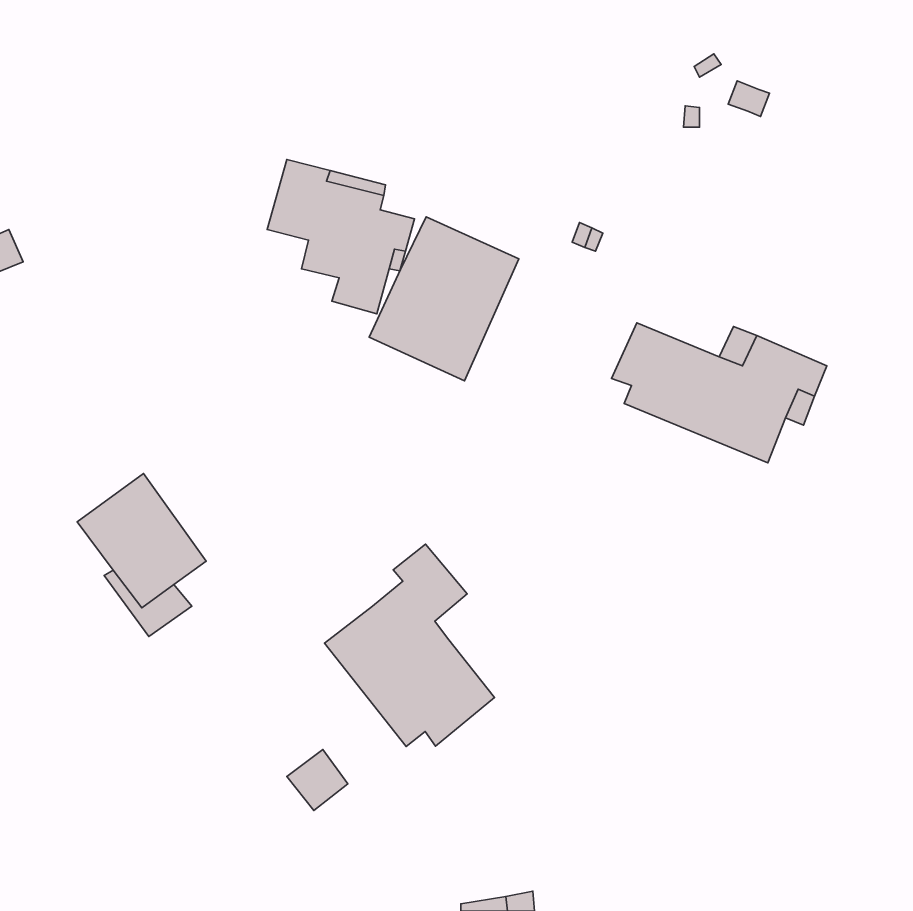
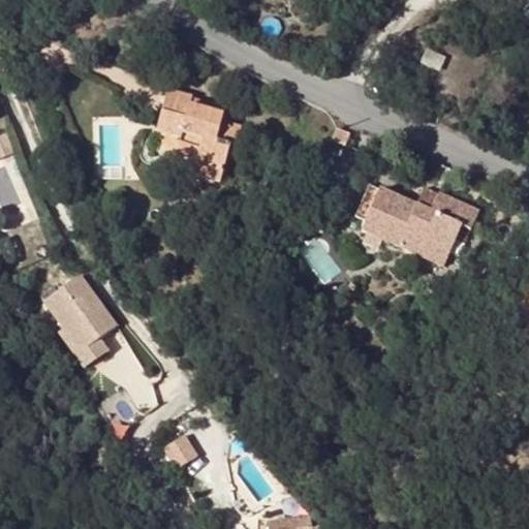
building: [369,217,519,381] -> none
building: [325,544,494,746] -> none

